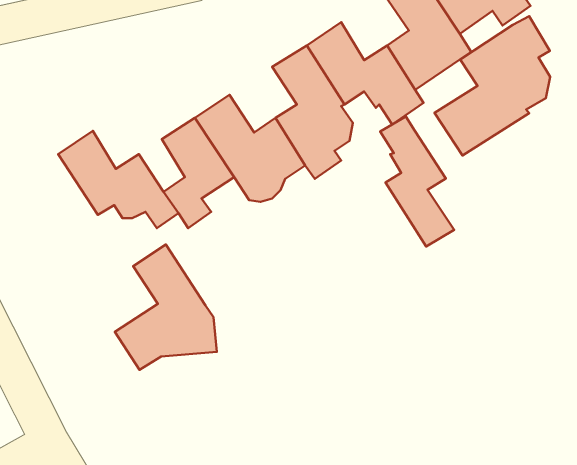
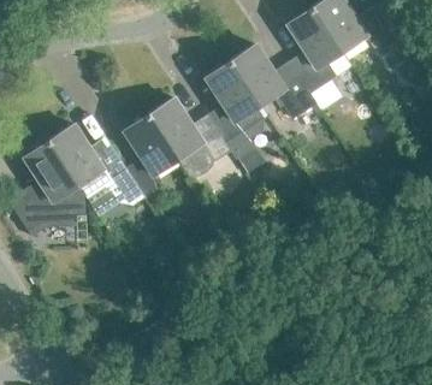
building: [434,16,550,155] -> none
building: [380,117,454,247] -> none
building: [115,245,217,370] -> [11,141,85,232]

